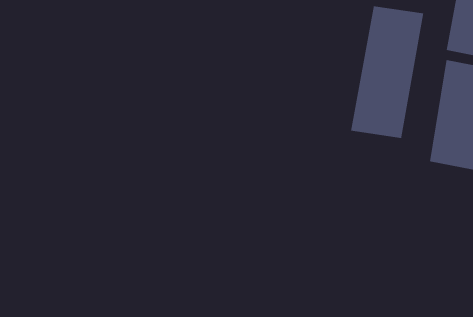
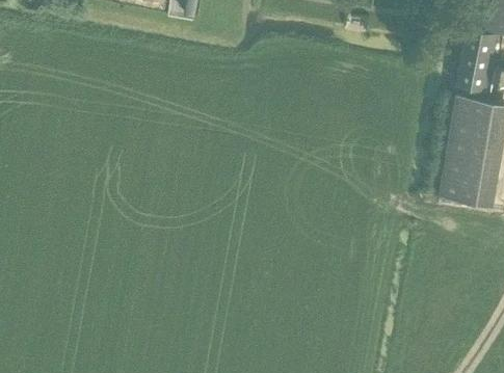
building: [351,5,424,139] -> none

